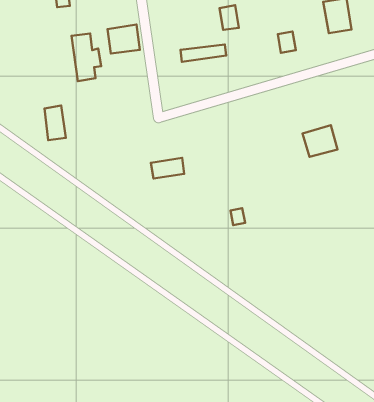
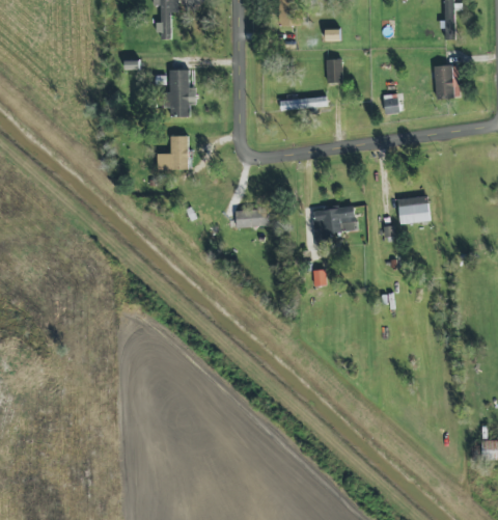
building: [108,24,140,54] -> none
building: [44,105,66,140] -> [170,135,189,169]
building: none -> [311,204,357,247]

